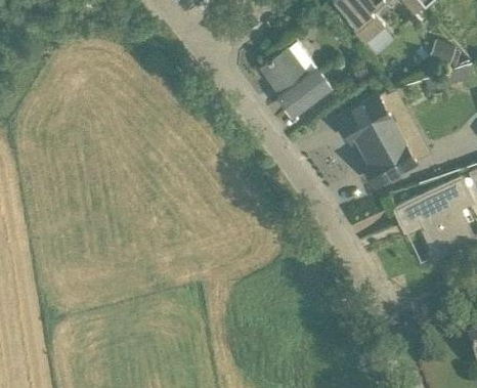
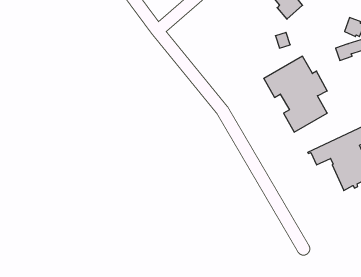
building: [260,48,328,114] -> none

